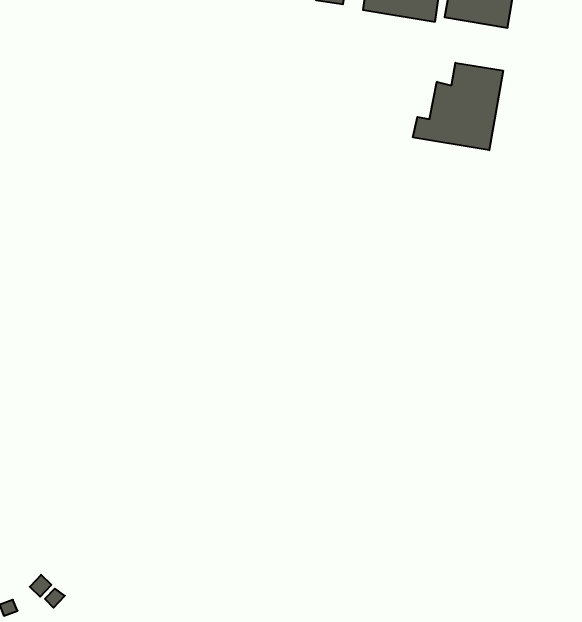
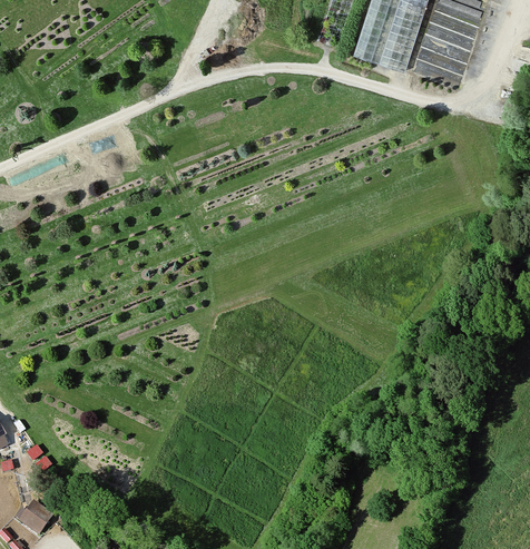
building: [413,63,503,150] -> none

